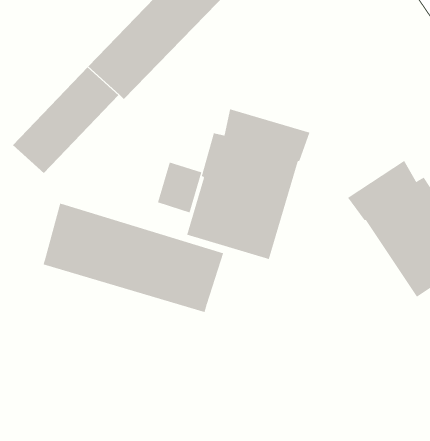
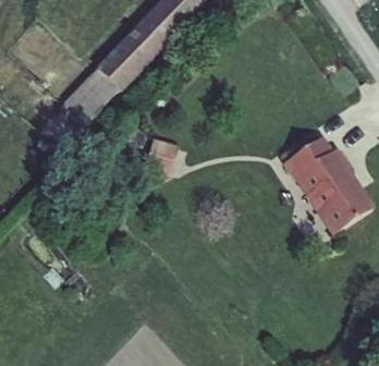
building: [186,109,310,260] -> none
building: [43,203,224,313] -> none

